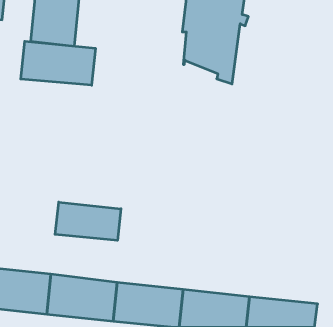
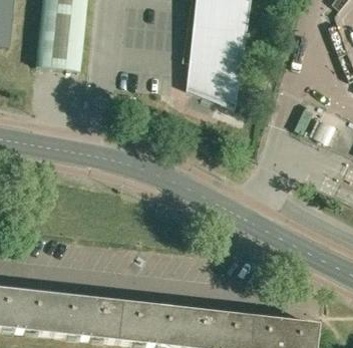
building: [21,41,95,85] -> none
building: [55,202,121,240] -> none

